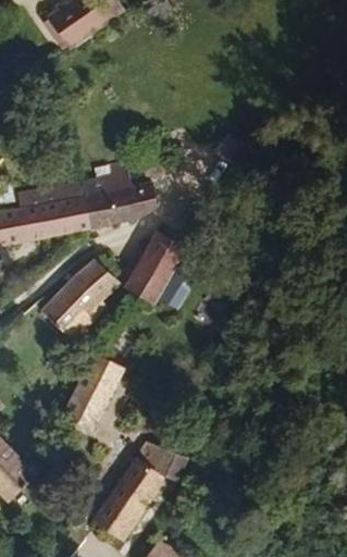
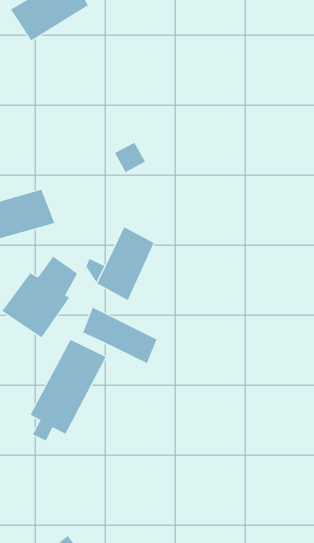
building: [75,154,157,226] -> none
building: none -> [83,307,157,364]
building: [96,441,184,532] -> none

